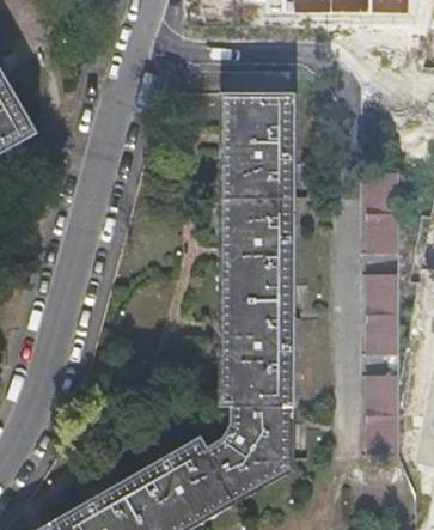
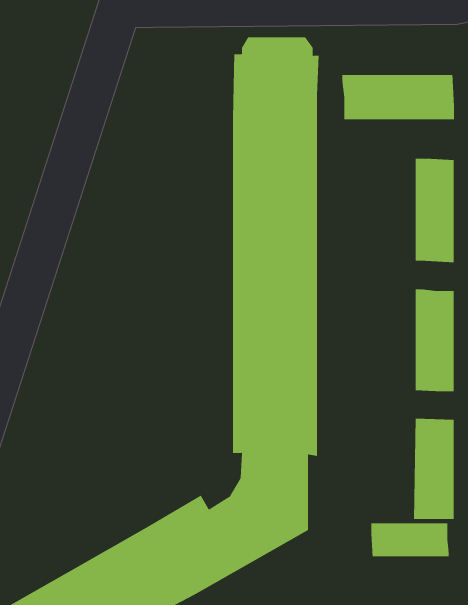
building: none -> [342,74,455,120]
building: none -> [371,522,449,557]

